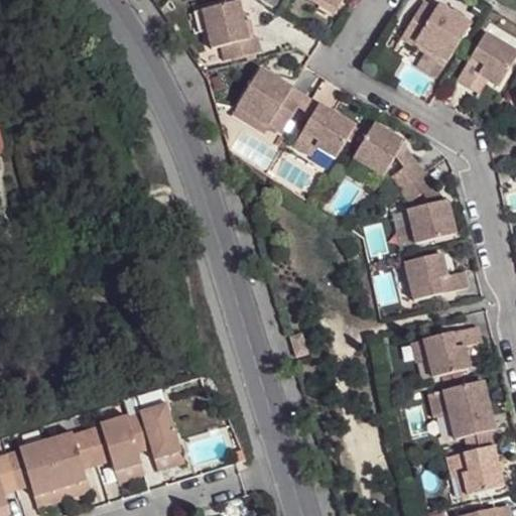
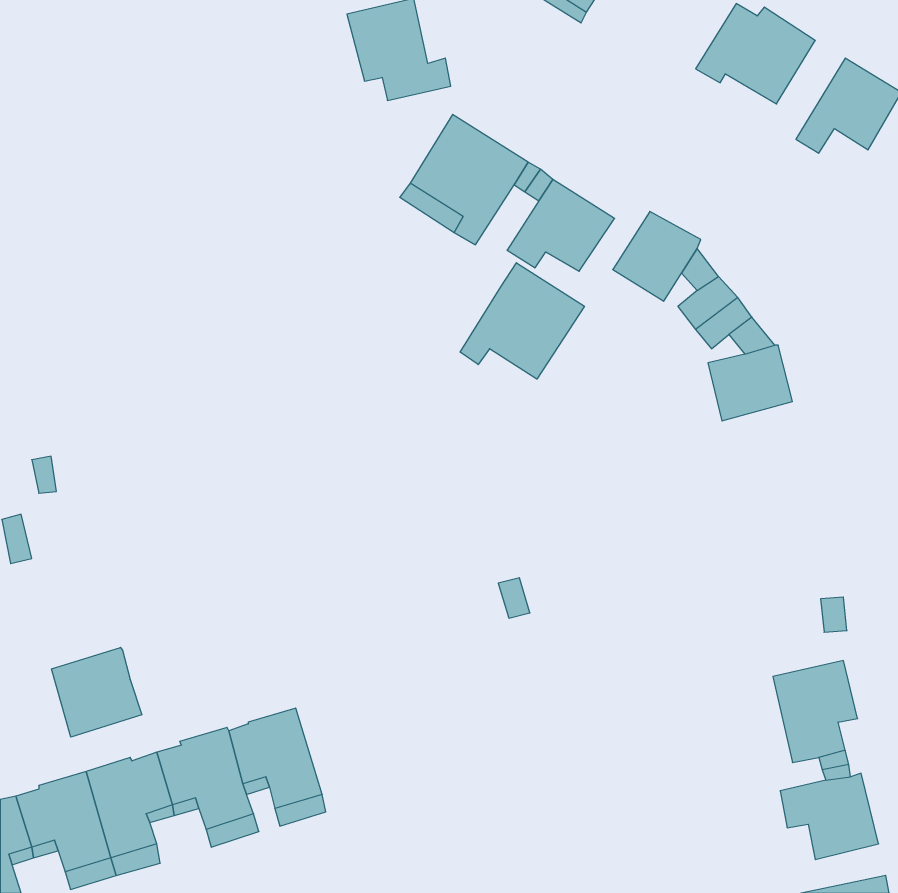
building: none -> [460,263,584,379]
building: [403,253,467,297] -> none
building: [423,325,481,375] -> none
building: none -> [52,647,142,737]

